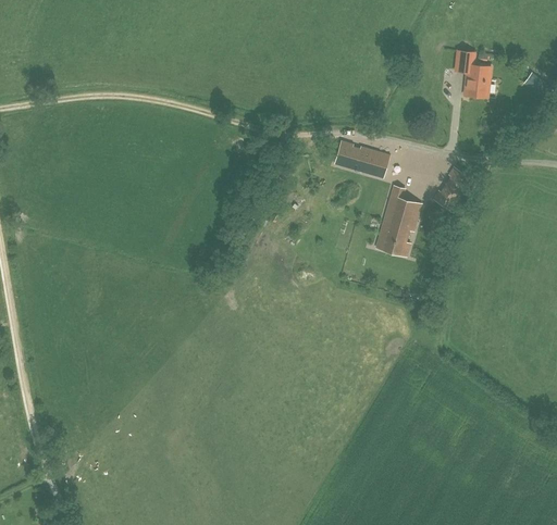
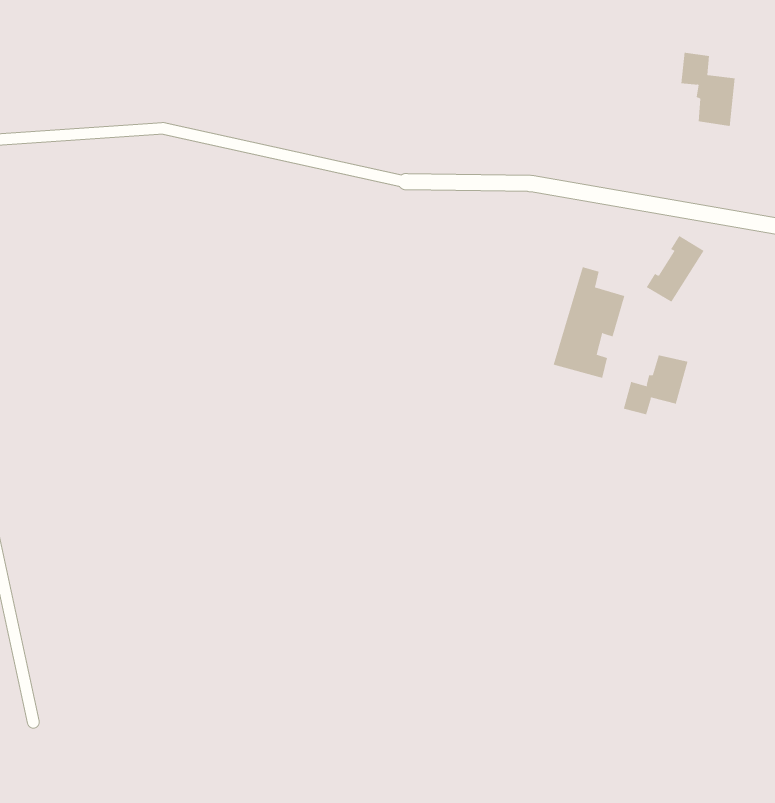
building: [335,140,389,176] -> none
building: none -> [623,354,688,415]

